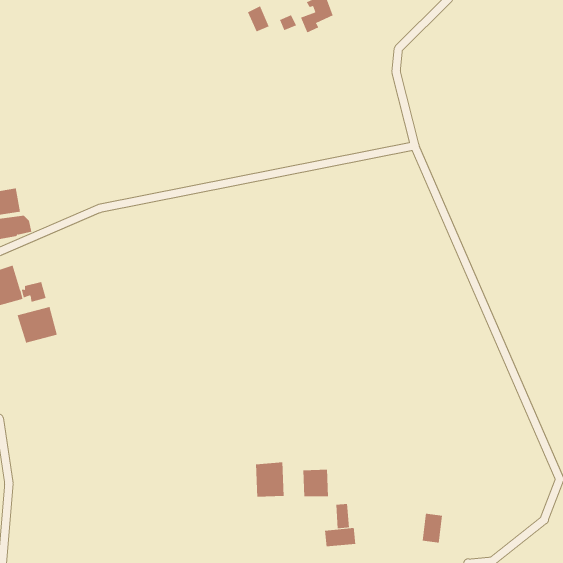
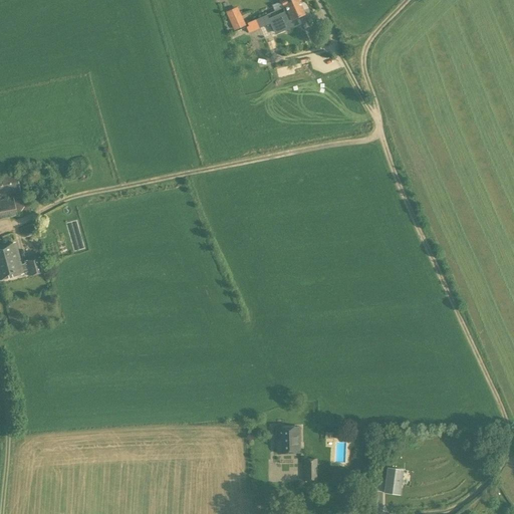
building: [17,306,58,343] -> none
building: [256,462,284,497] -> none
building: [324,527,356,547] -> none

